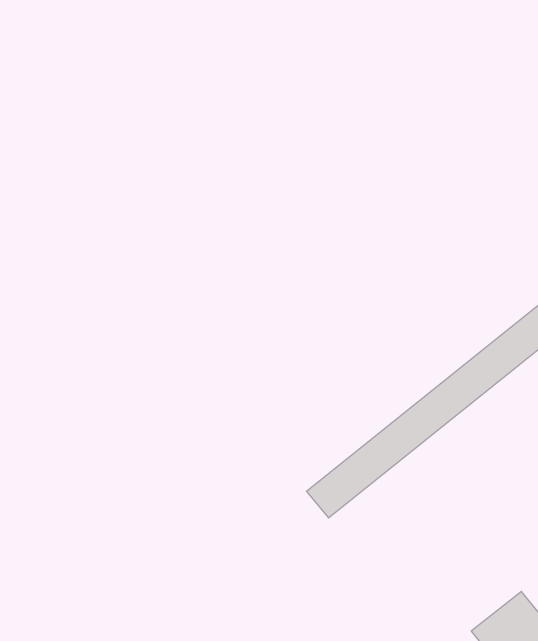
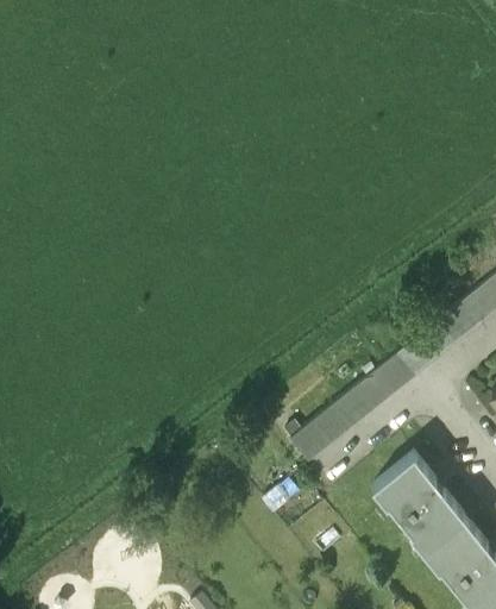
building: none -> [372,457,464,553]

